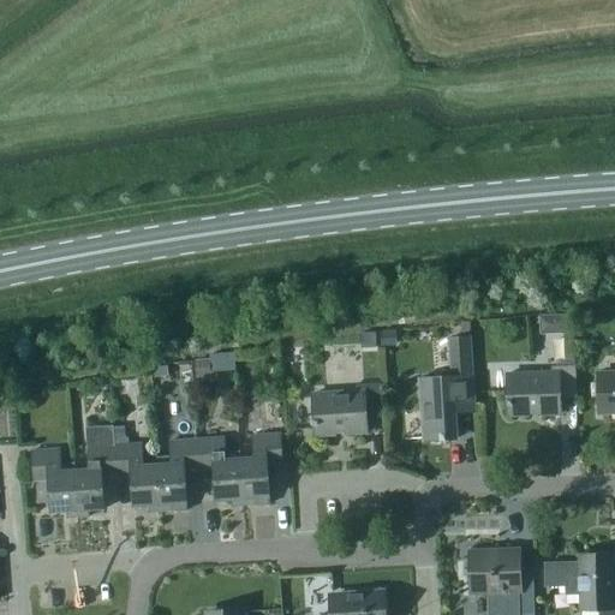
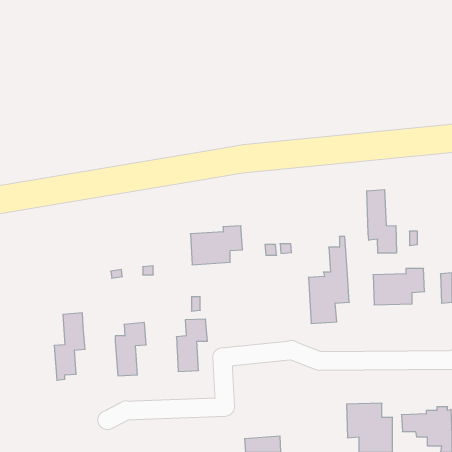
building: none -> [367,190,396,253]
building: [311,381,382,434] -> [190,226,243,265]
building: [196,436,241,504] -> none
building: [113,442,160,510] -> none
building: [30,447,77,517] -> none

